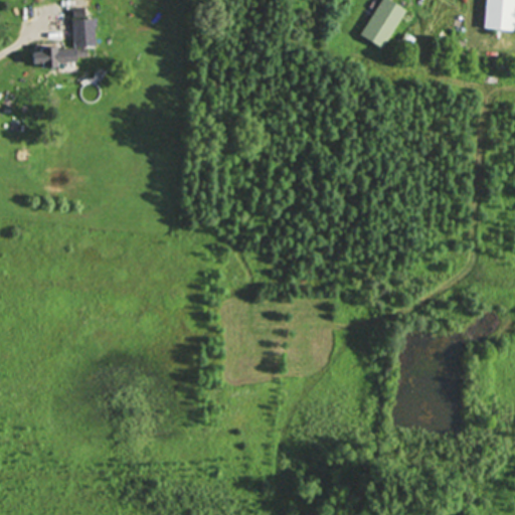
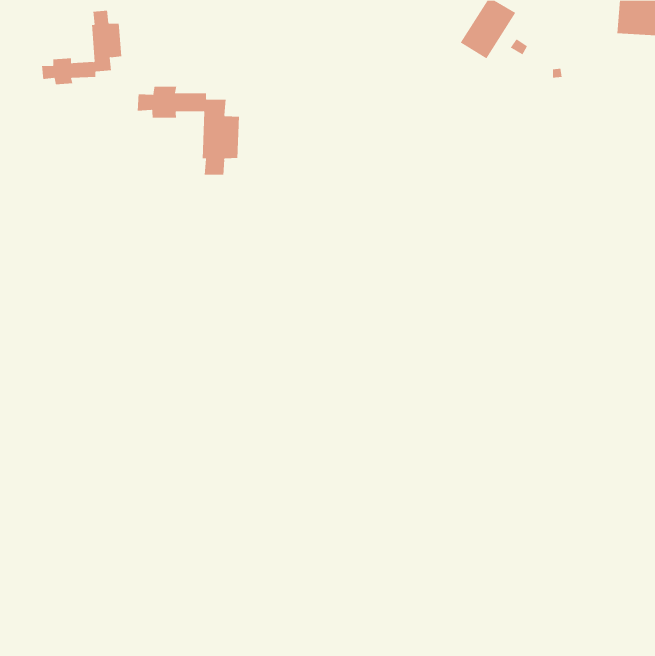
building: none -> [137,86,240,176]

